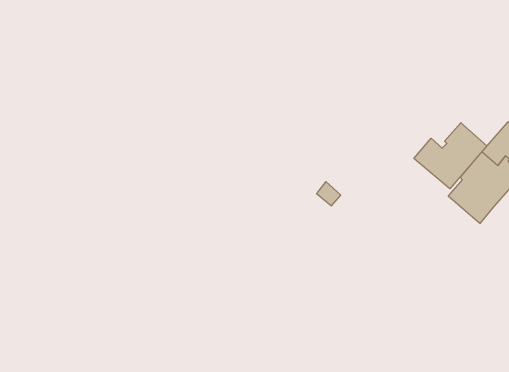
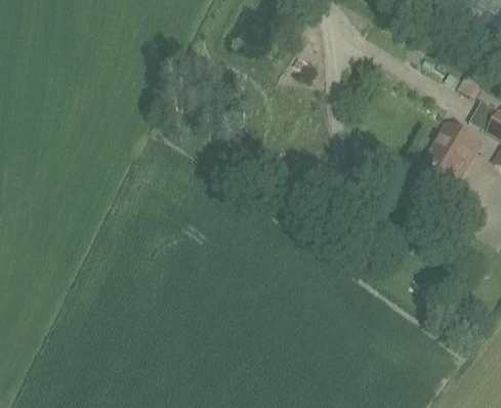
building: [414,123,487,189] -> none

